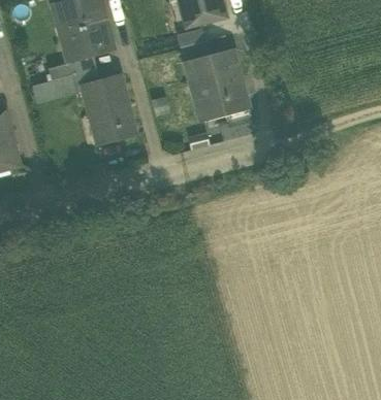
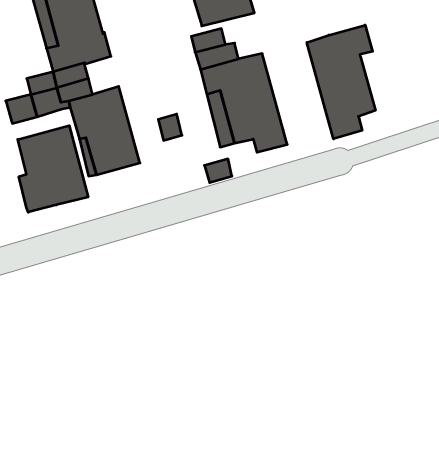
building: none -> [307,25,375,139]
building: none -> [18,126,88,212]

